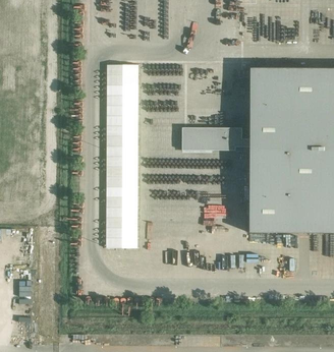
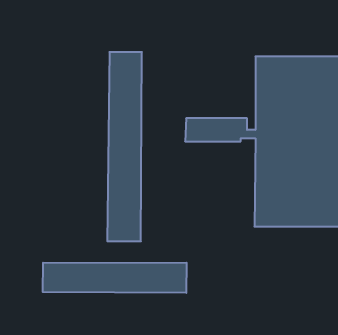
building: none -> [43,263,187,293]

